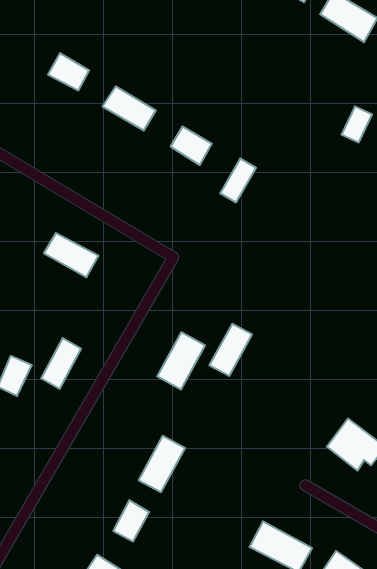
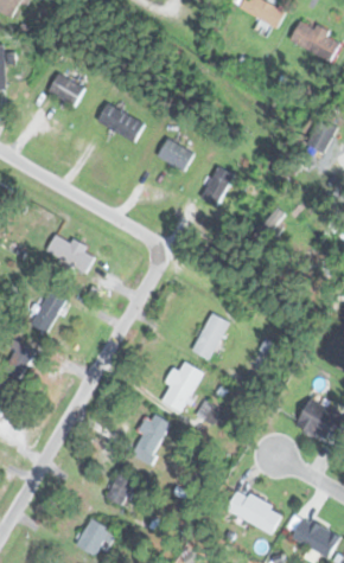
building: [157,332,205,390] -> [159,360,202,411]
building: [41,338,81,389] -> [30,289,65,334]

